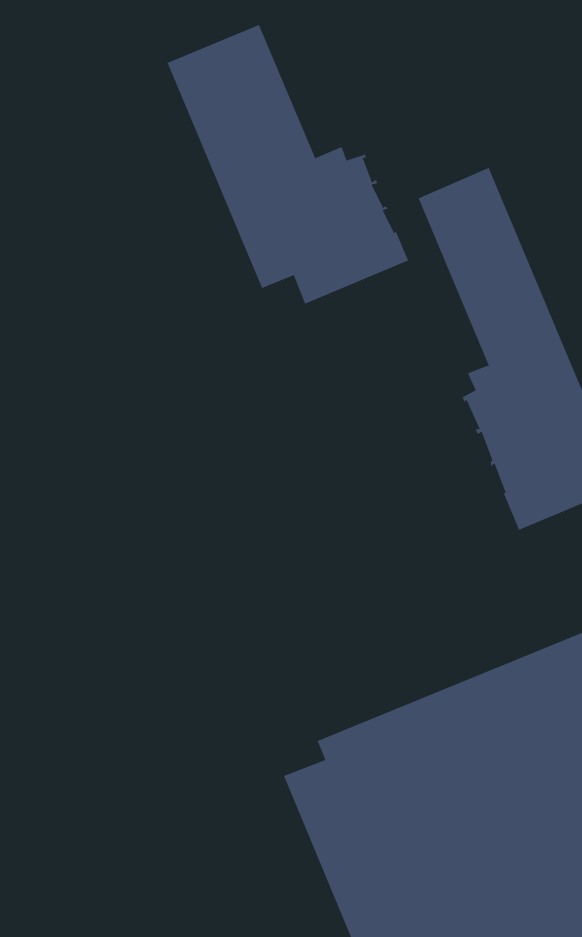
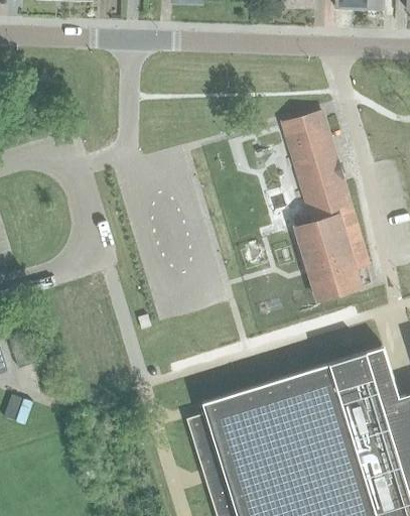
building: [167,24,409,305] -> none

